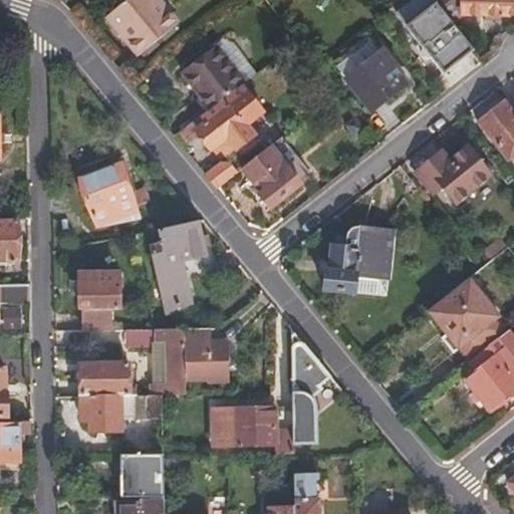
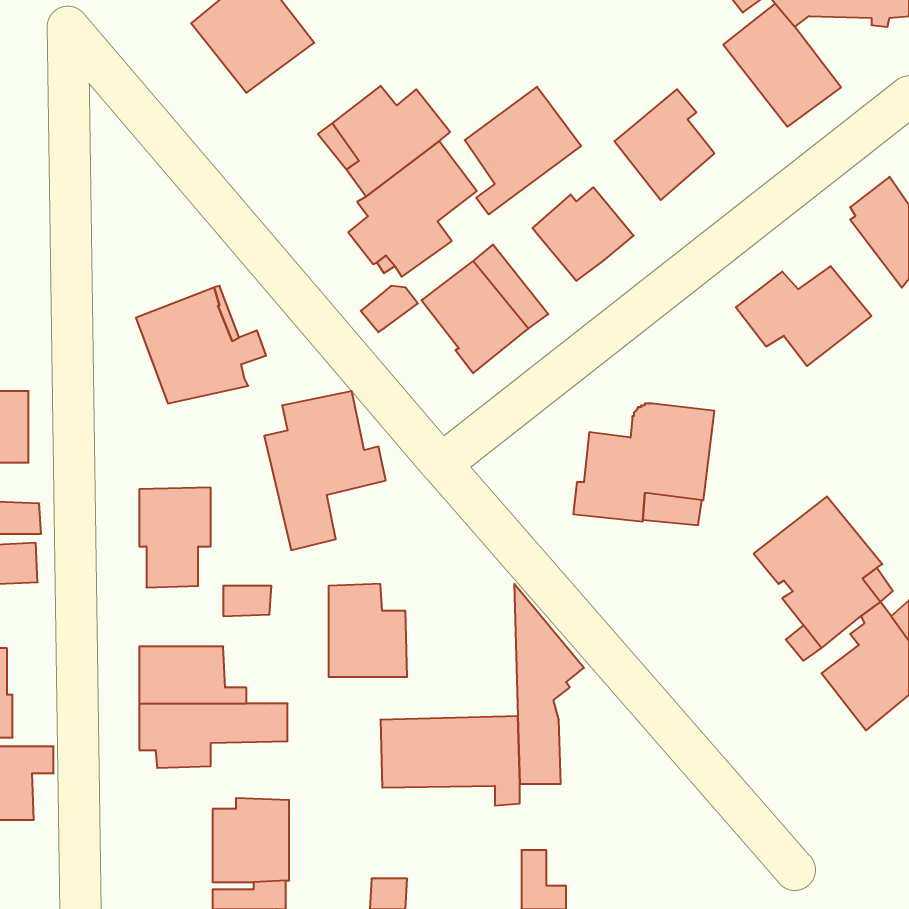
building: none -> [465,87,581,214]
building: none -> [532,187,634,281]
building: [149,329,186,396] -> none

